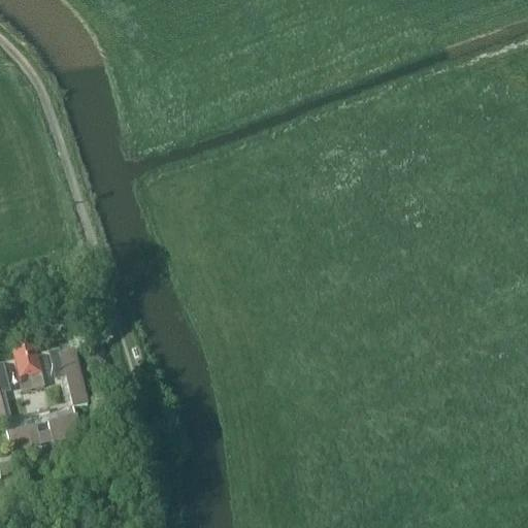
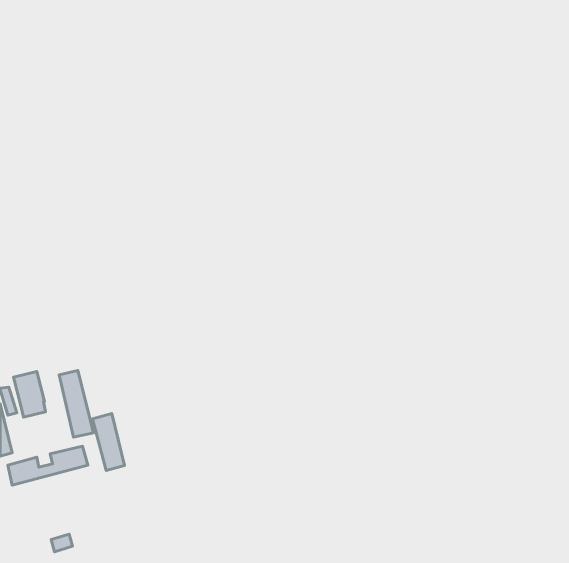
building: none -> [93,414,125,470]

